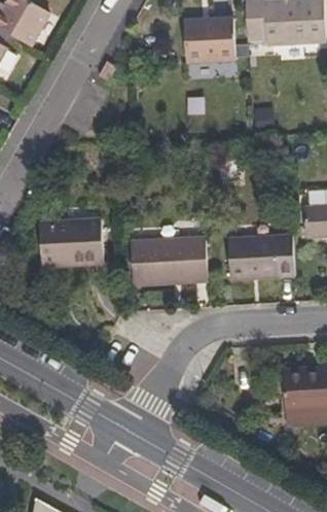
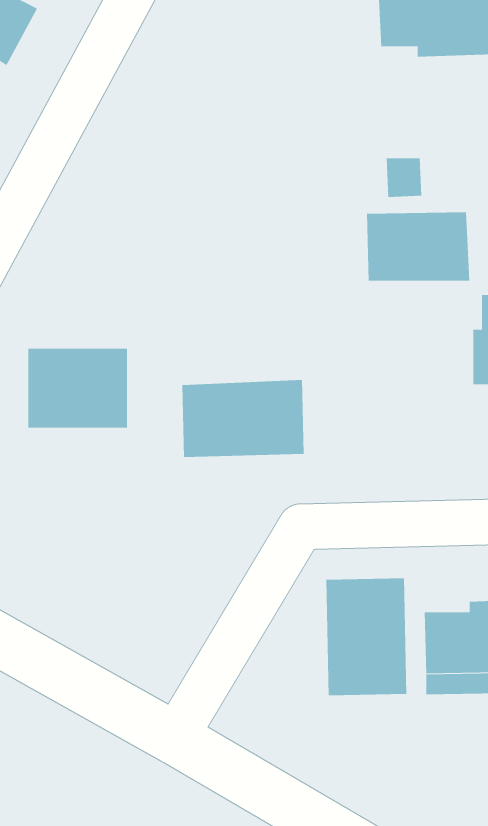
building: [188,18,237,59] -> none
building: [228,235,290,276] -> [366,212,470,281]
building: none -> [326,578,407,696]

